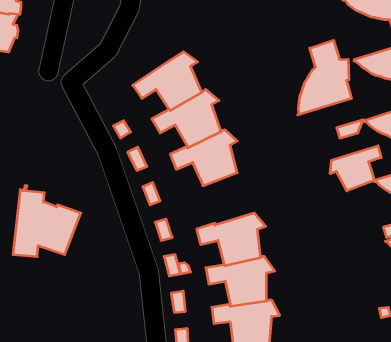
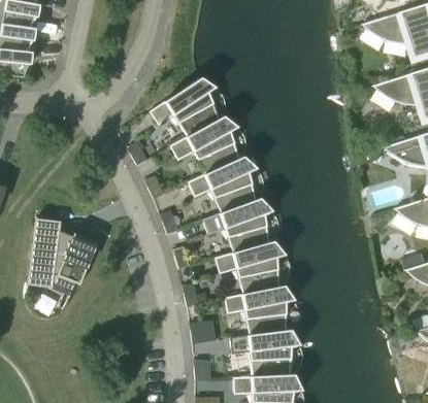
building: [298,40,351,115] -> none
building: [330,146,381,191] -> none
building: none -> [202,198,272,254]

